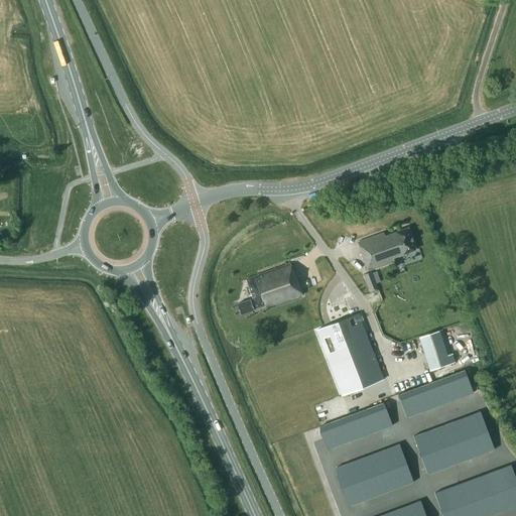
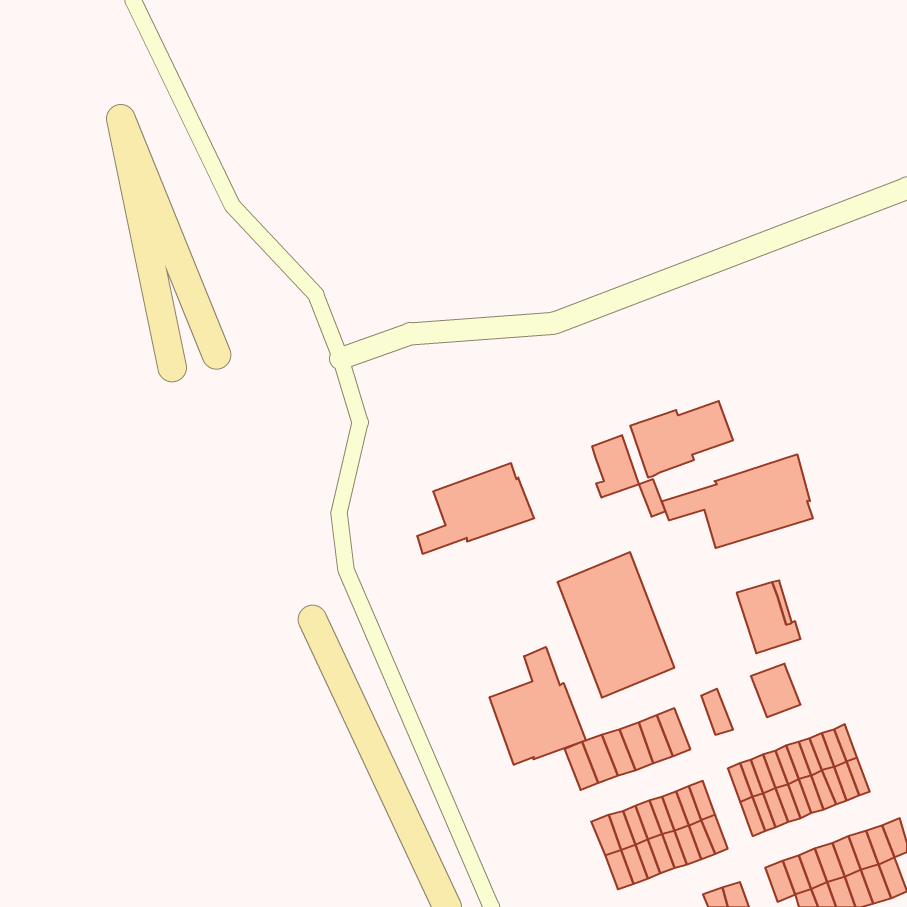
building: none -> [592,435,639,498]
building: none -> [662,454,813,548]
building: none -> [490,647,586,765]
building: [445,370,473,400] -> none
building: [407,384,435,414] -> none

